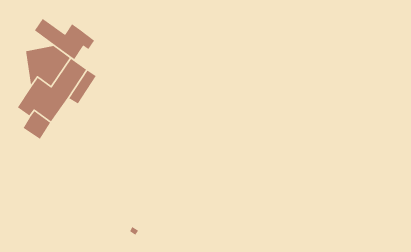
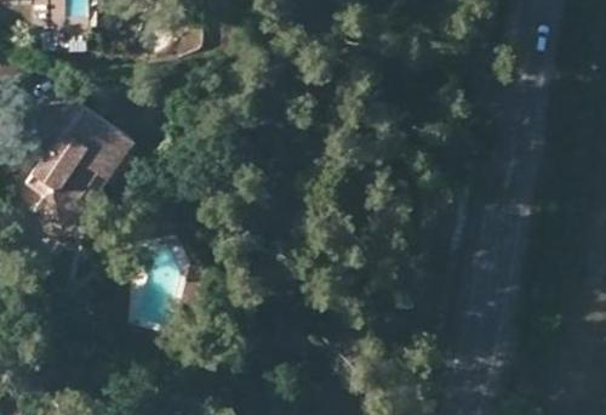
building: [34,18,95,60] -> none

